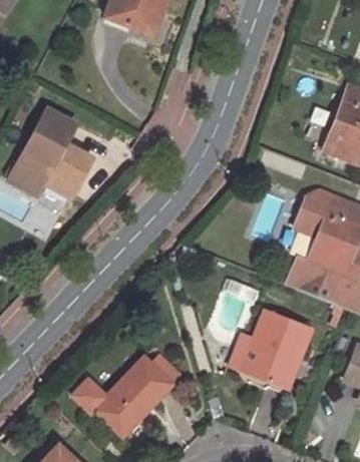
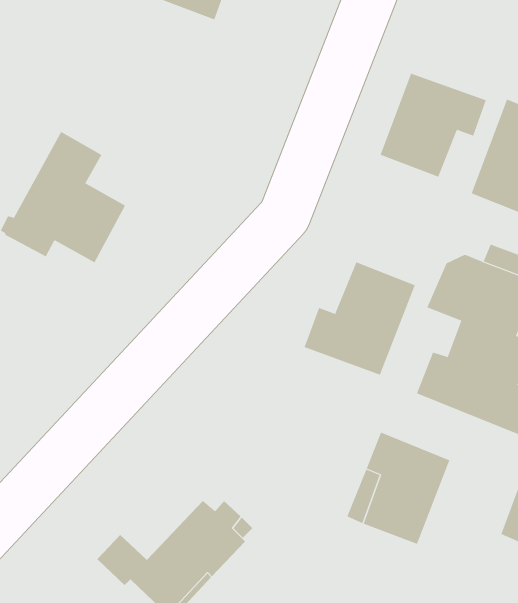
building: none -> [380,73,486,178]
building: none -> [304,261,415,376]

